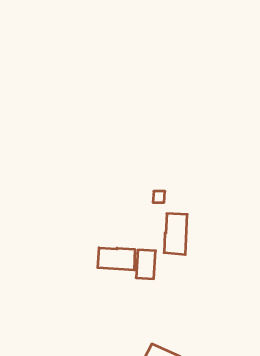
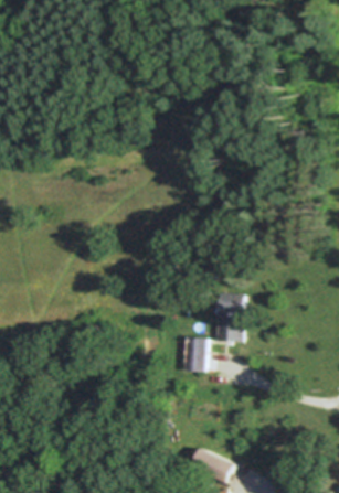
building: [98,248,135,270] -> none

